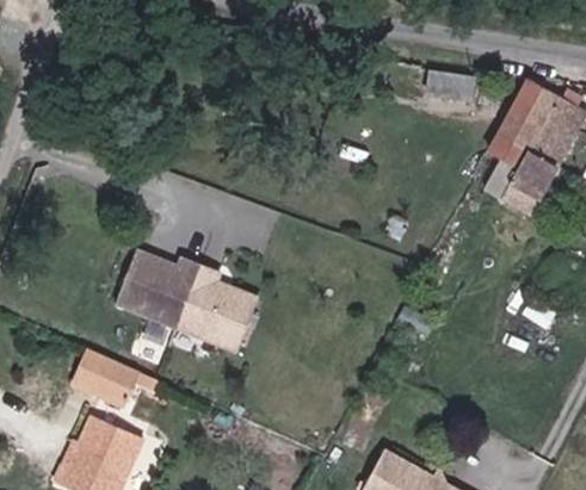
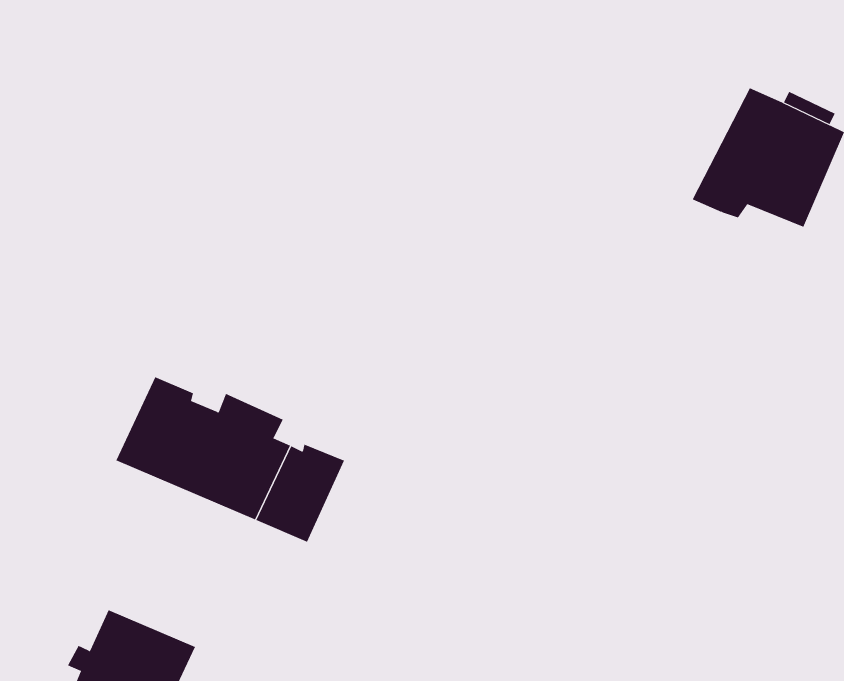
building: [420,72,470,101] -> none
building: [475,149,544,212] -> none
building: [81,353,141,397] -> none

